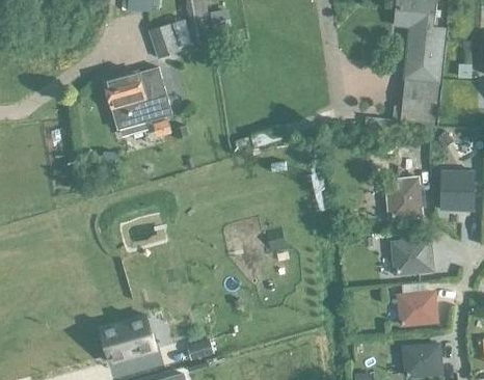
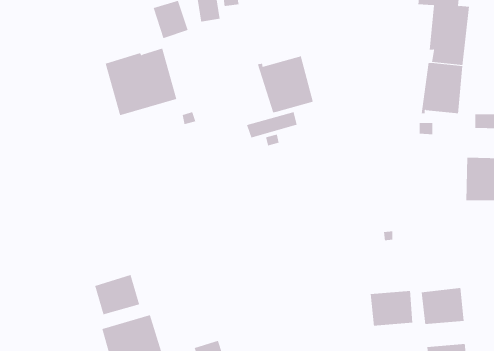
building: none -> [257,56,314,113]
building: [386,179,425,219] -> none
building: [393,240,433,273] -> [370,291,413,326]
building: none -> [95,274,140,315]

